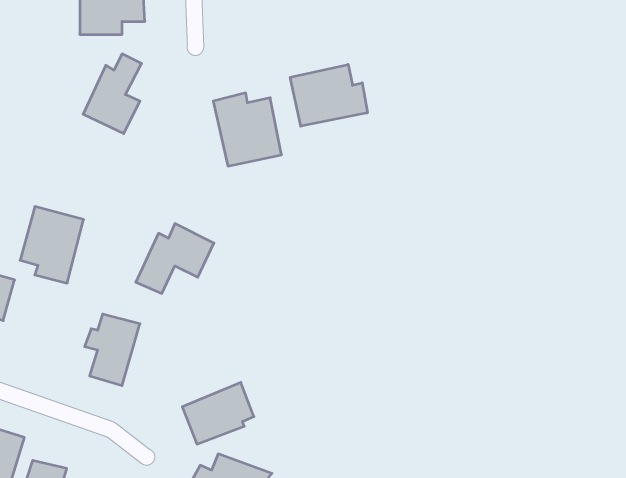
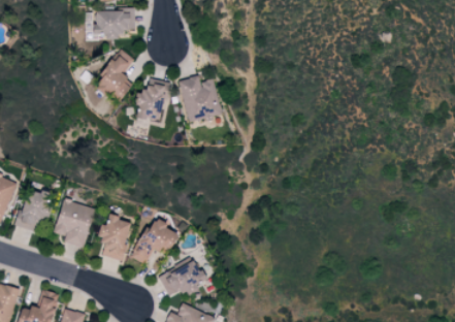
building: [290,64,367,126] -> none
building: none -> [135,83,166,121]
building: [20,207,84,283] -> [54,199,94,248]
building: [136,224,214,293] -> [130,220,180,264]

